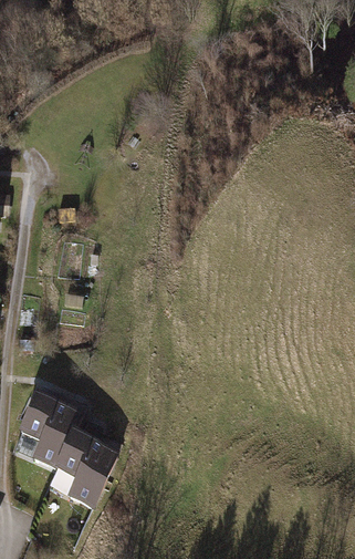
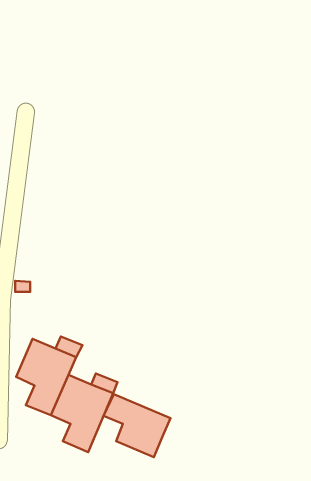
building: none -> [103,394,170,457]

